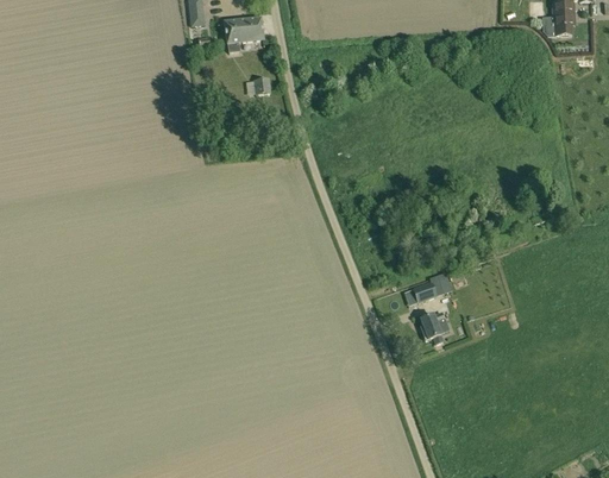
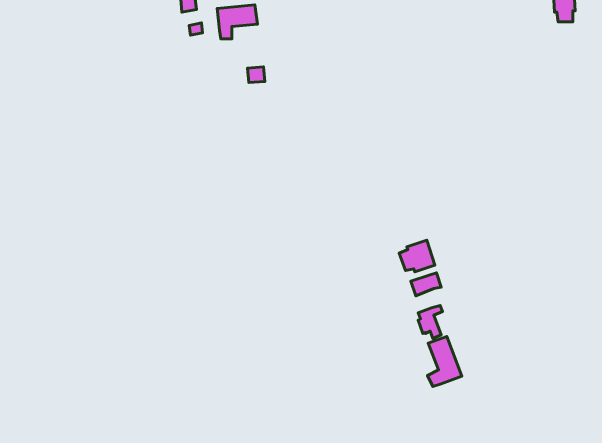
building: none -> [399,240,435,272]
building: none -> [427,337,462,386]

